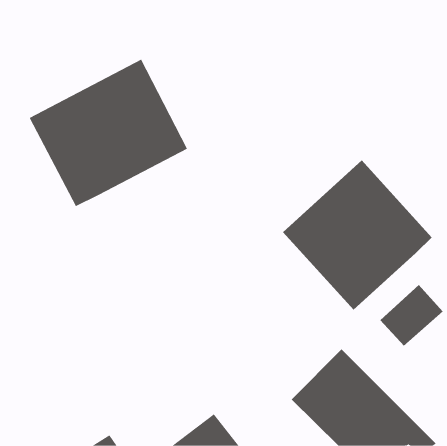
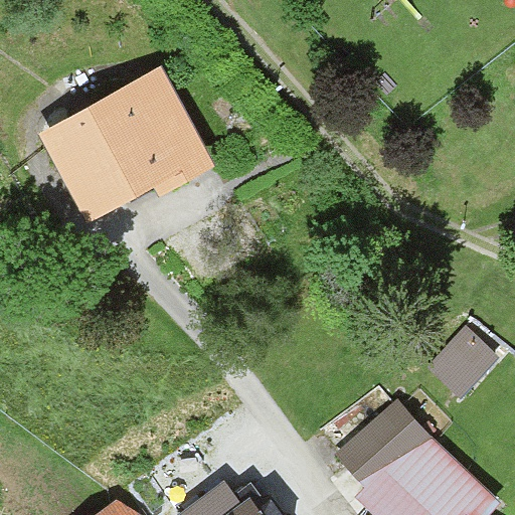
building: [282,160,432,311] -> none

